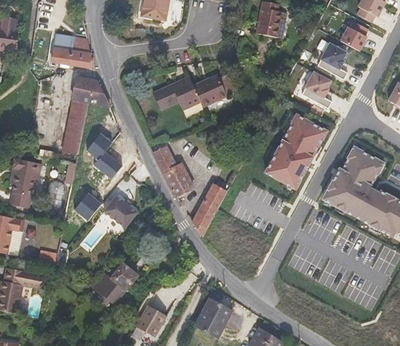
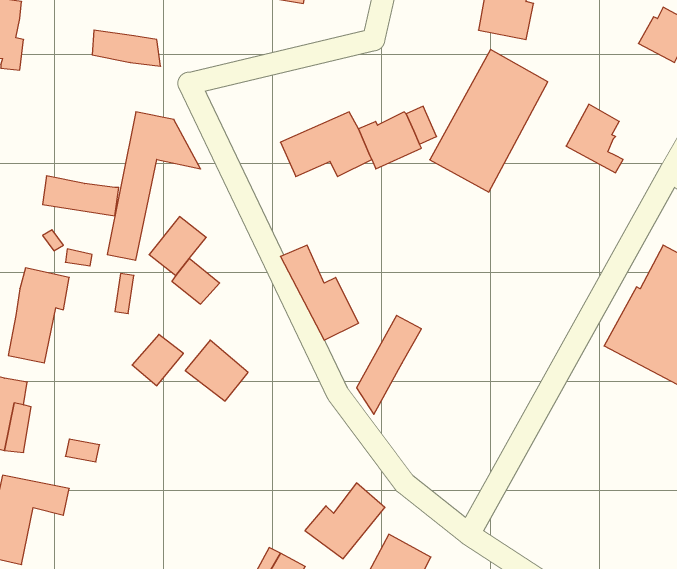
building: [317,43,347,79] -> none
building: [51,46,91,67] -> [43,176,119,216]
building: [264,114,326,189] -> [430,49,548,192]
building: [95,262,137,302] -> [305,483,385,559]

